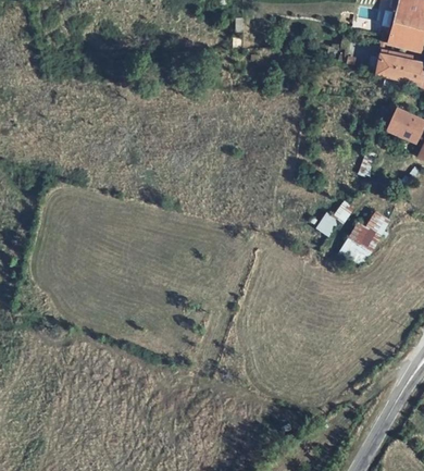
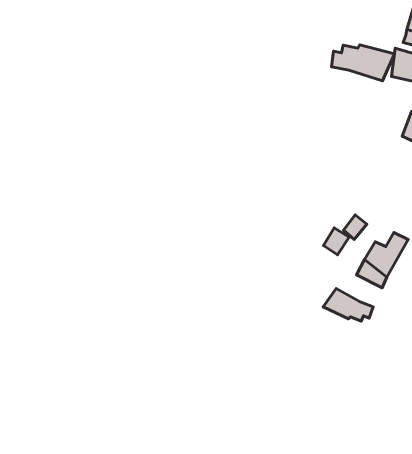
building: none -> [331,45,394,81]
building: none -> [323,288,373,321]

